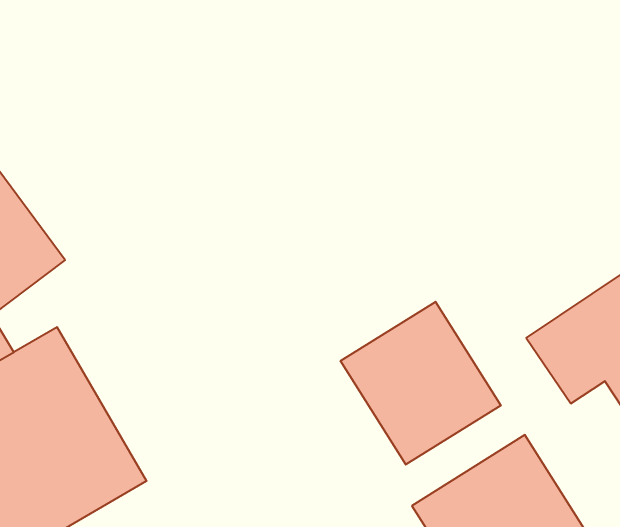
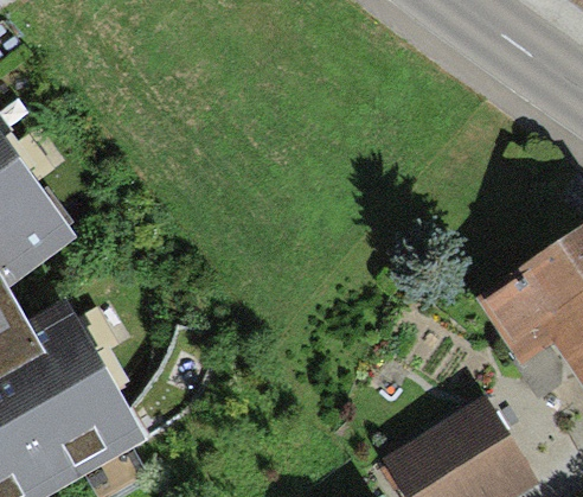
building: [341,302,501,465] -> none

